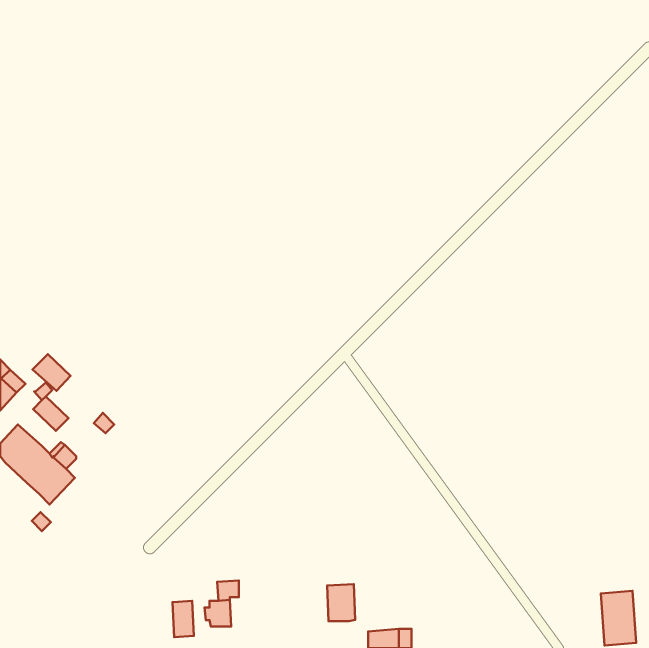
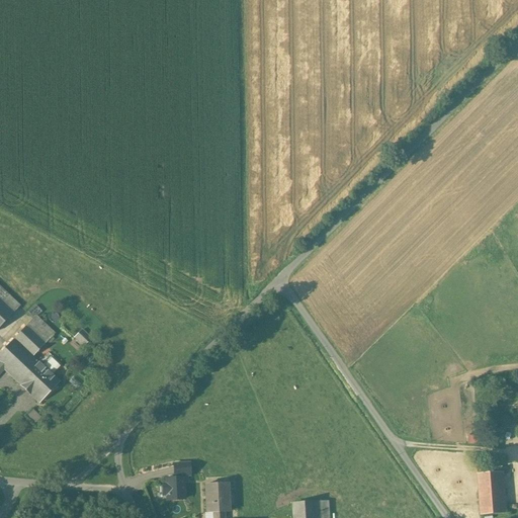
building: [33,354,71,391] -> [14,326,45,355]
building: [327,584,355,621] -> [206,483,229,512]
building: [172,601,194,637] -> none

